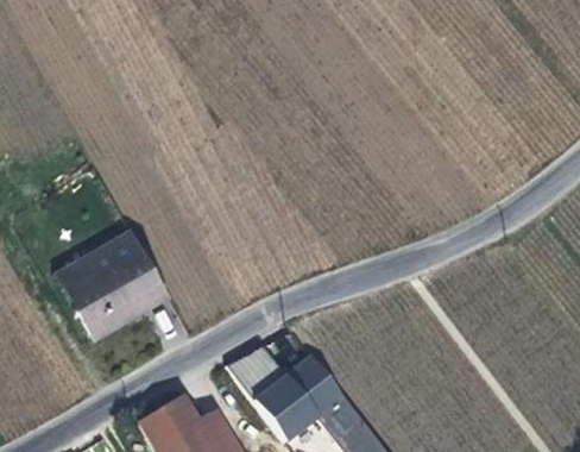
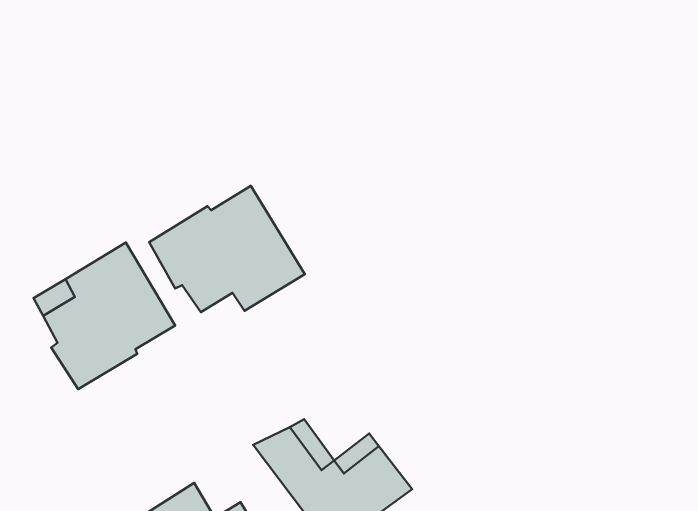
building: none -> [149,186,305,312]

